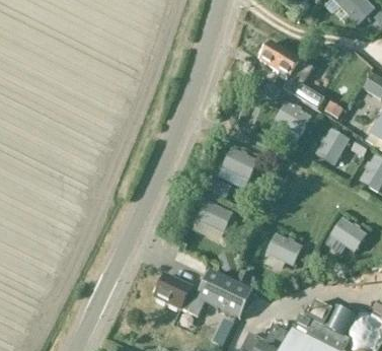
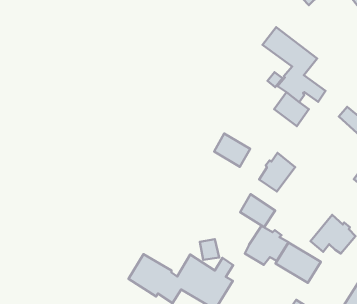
building: [316,126,350,163] -> [259,153,295,192]
building: [199,200,232,230] -> [240,194,275,227]
building: none -> [275,243,321,283]

